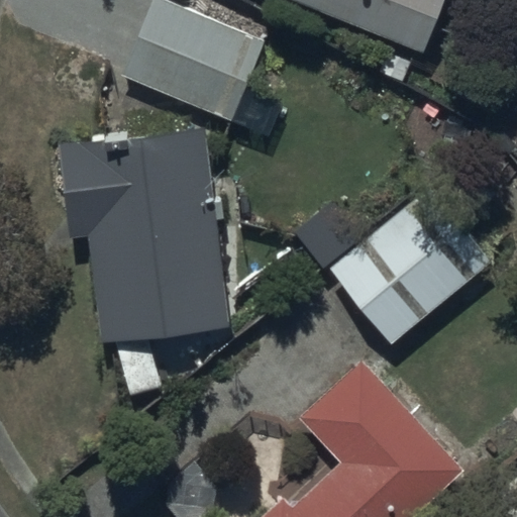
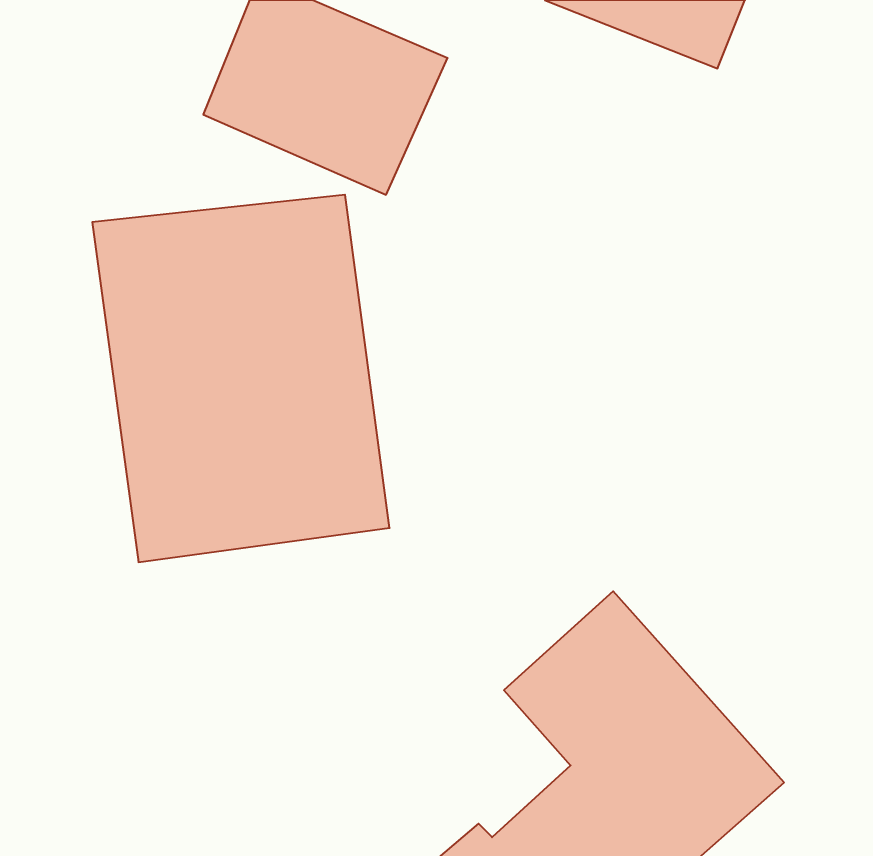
building: [328,159,494,345] -> none

